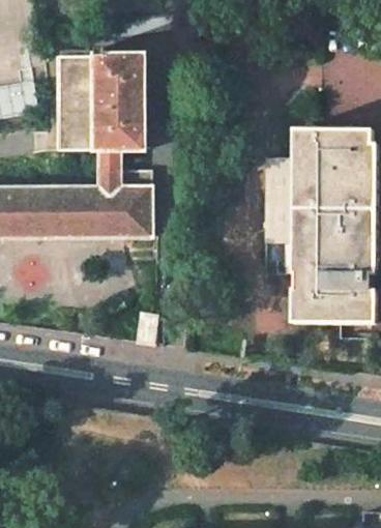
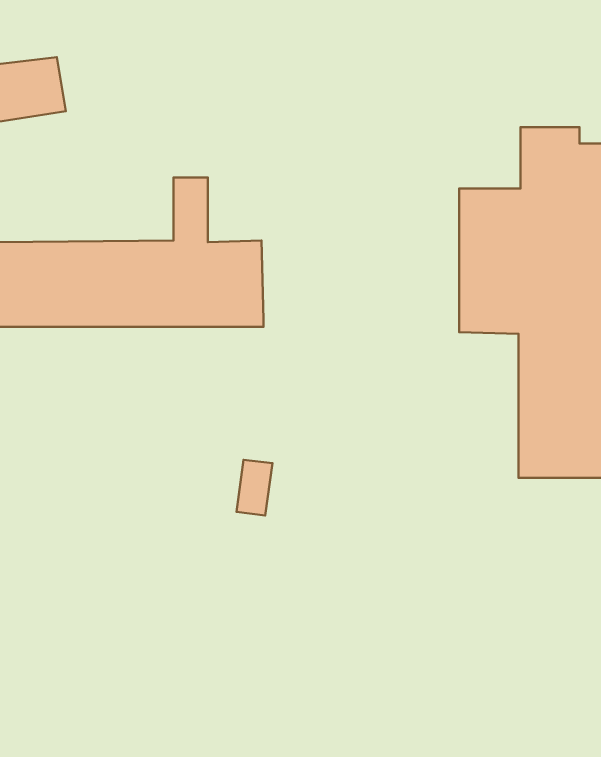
building: [60,54,145,149] -> none

